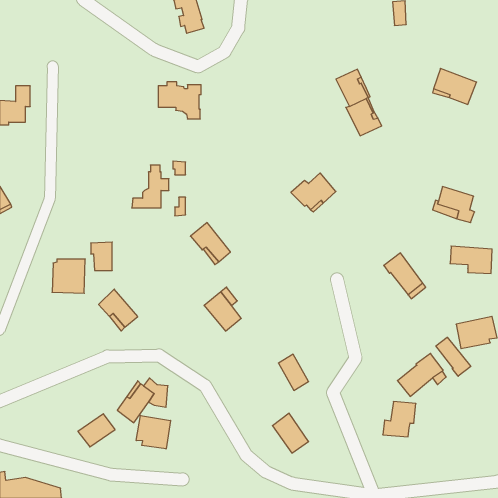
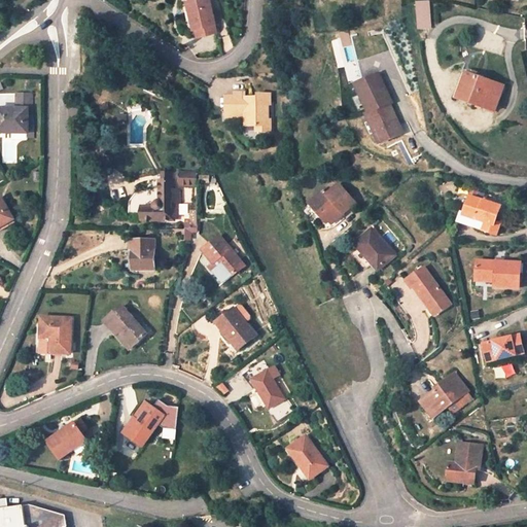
building: [158,82,201,119] -> [225,92,271,131]
building: none -> [353,229,393,278]
building: [91,242,112,270] -> [129,239,151,269]
building: [52,259,85,293] -> [35,317,70,353]
building: [436,337,471,376] -> none
building: [278,354,309,390] -> [251,370,283,408]
building: [383,402,416,437] -> [446,442,481,479]
building: [78,414,115,447] -> [46,423,85,458]
building: [136,415,171,449] -> none

